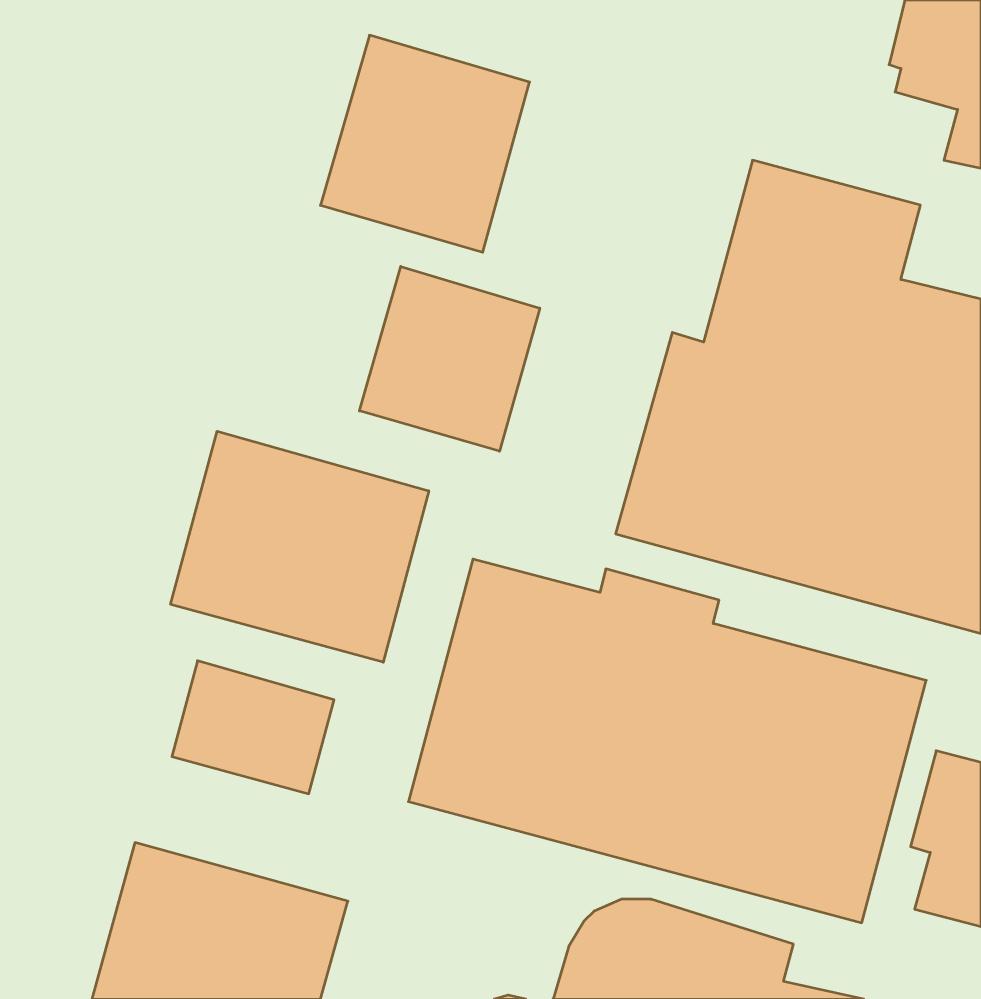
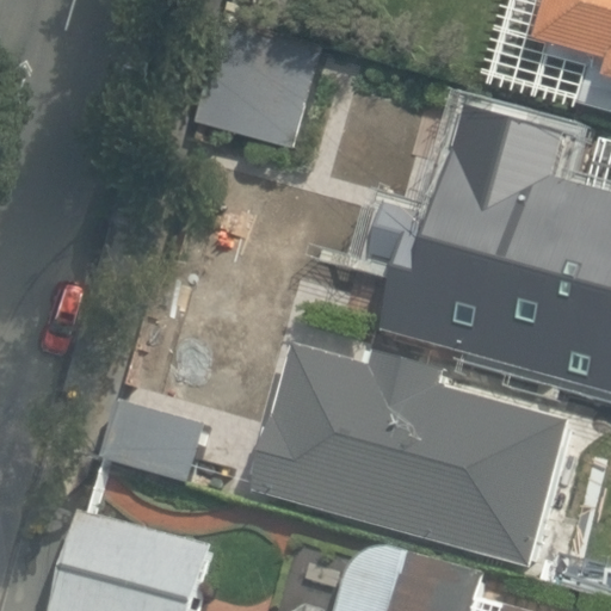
building: [359,266,540,451] -> none
building: [171,431,429,662] -> none

